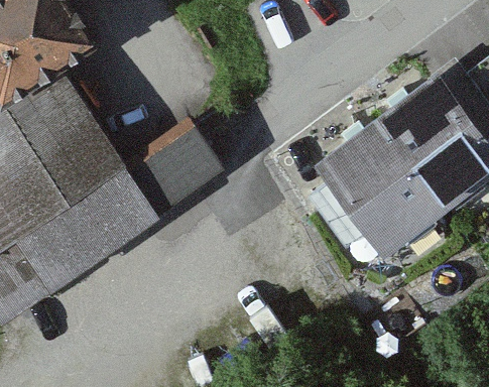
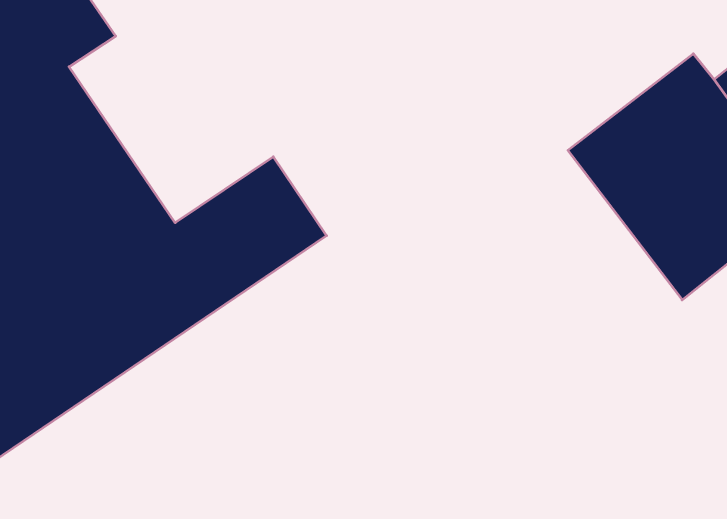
building: [315,118,448,259] -> none

